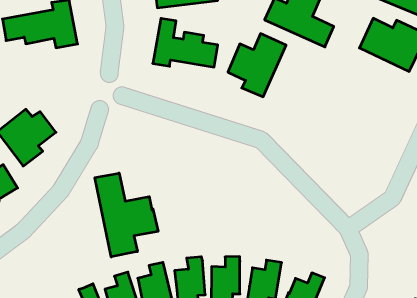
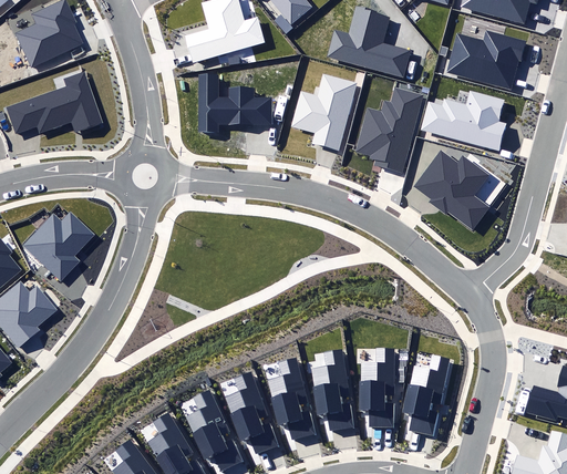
building: none -> [355,89,421,173]
building: none -> [421,91,506,151]
building: none -> [413,150,506,229]
building: [95,173,158,257] -> none

